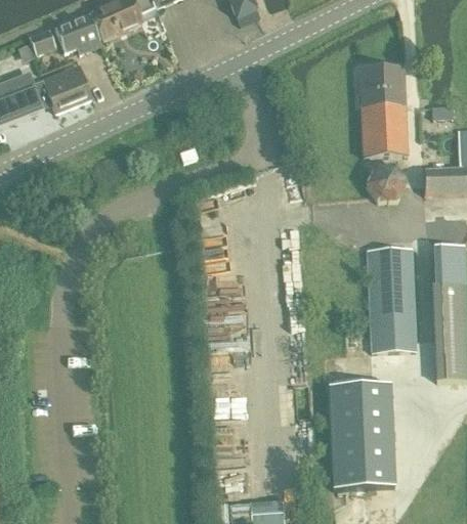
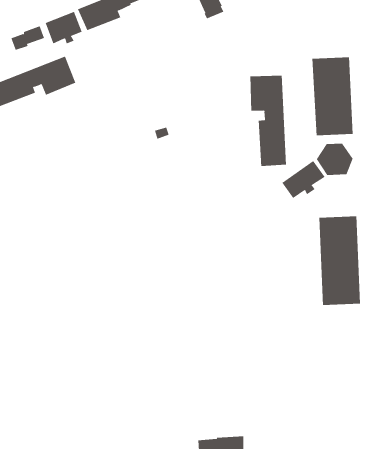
building: none -> [250,75,286,167]
building: none -> [282,160,326,199]
building: [329,379,395,487] -> none

